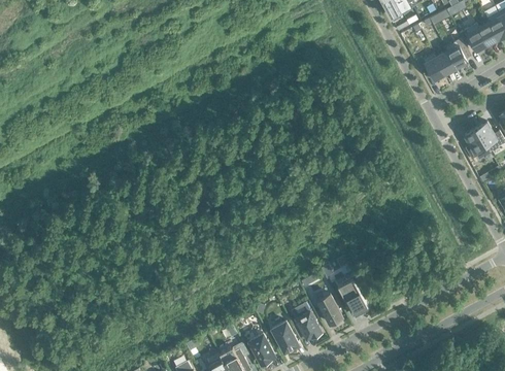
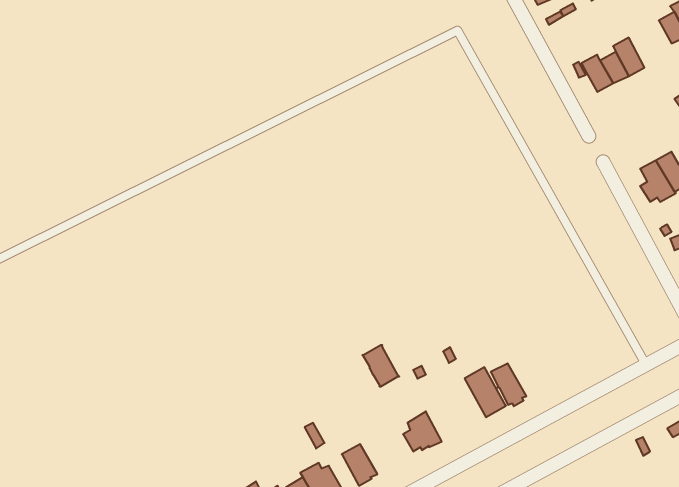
building: [461,25,489,52] -> none
building: [318,295,344,326] -> [491,363,526,406]
building: [273,323,300,352] -> [362,345,399,386]

